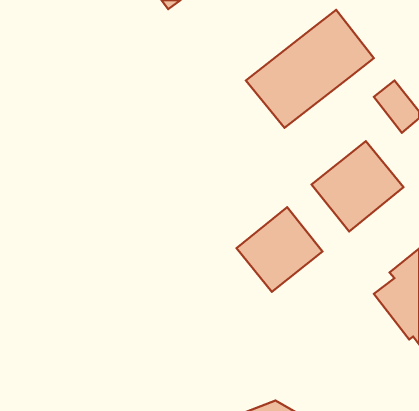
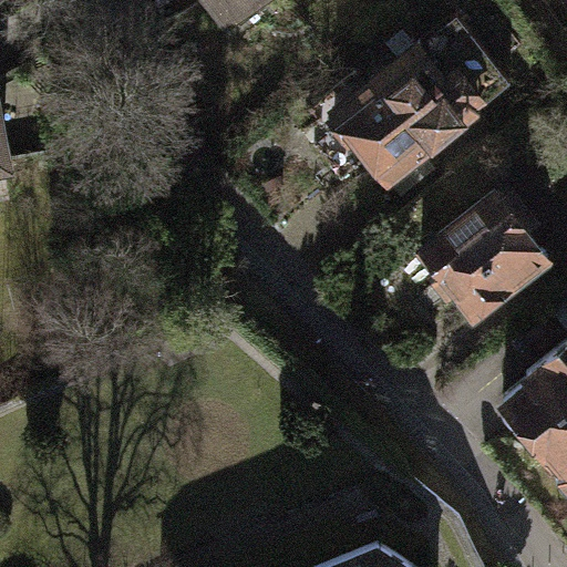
building: [236,207,322,292] -> none

